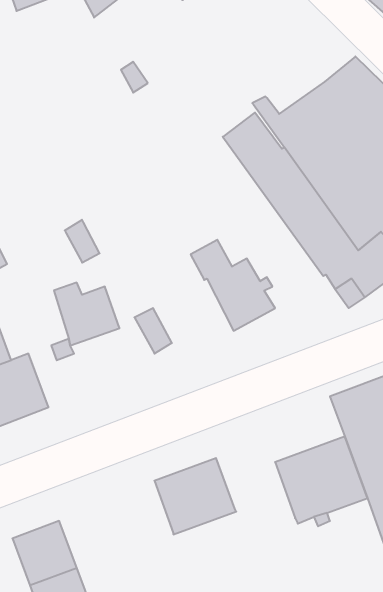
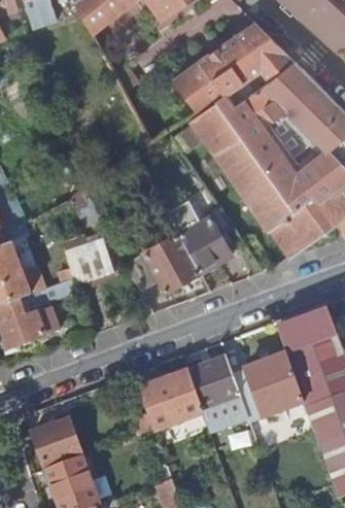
building: none -> [174,24,294,111]
building: none -> [143,233,200,293]
building: none -> [186,357,247,422]

